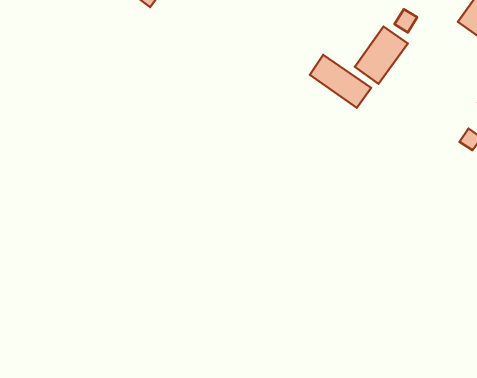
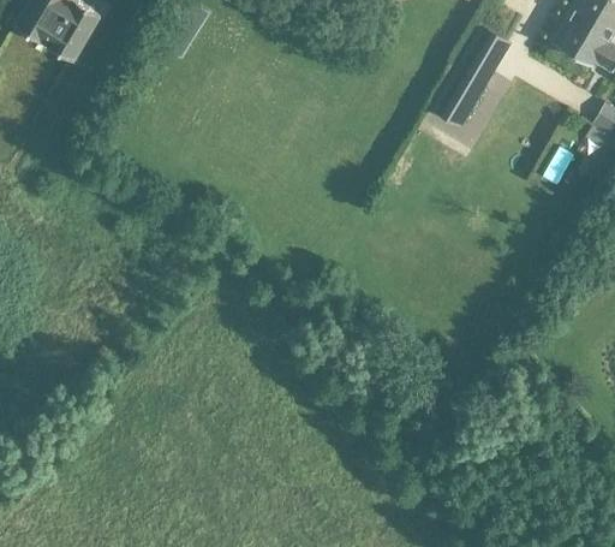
building: [310,55,371,108] -> none

